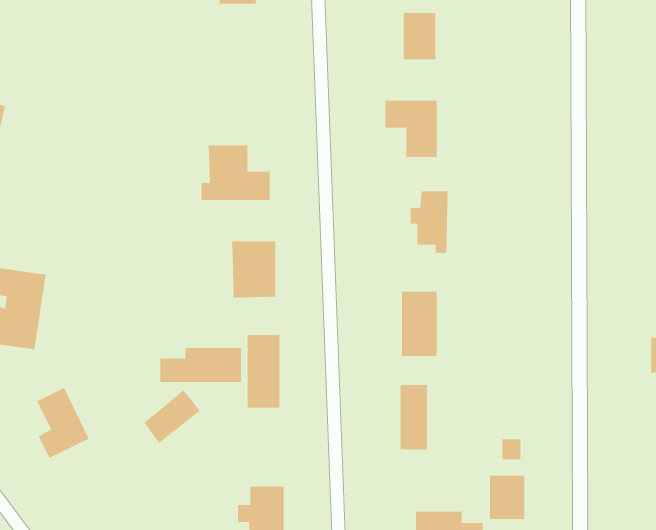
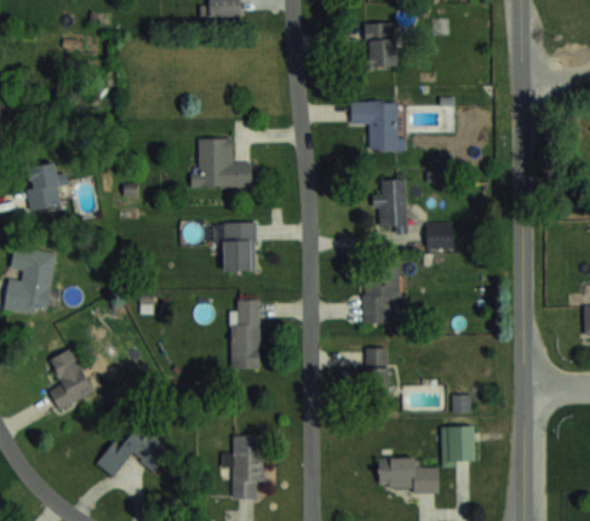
building: none -> [23,164,67,211]
building: none -> [426,222,453,247]
building: [160,347,241,383] -> none
building: [143,389,200,444] -> [114,422,164,469]

